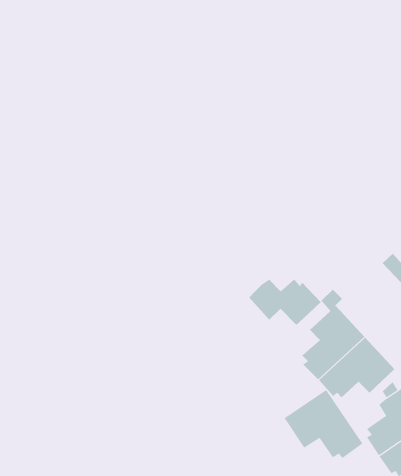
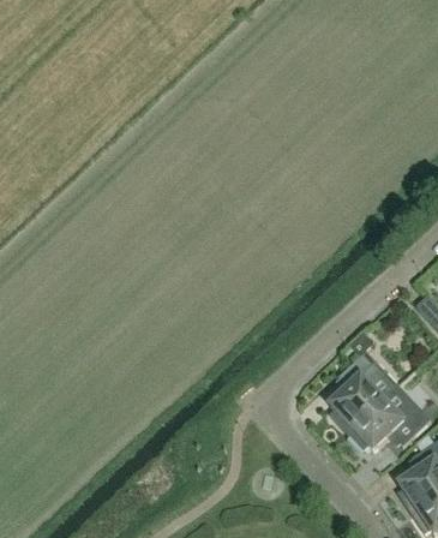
building: [249,278,322,334] -> none
building: [284,389,363,459] -> none

